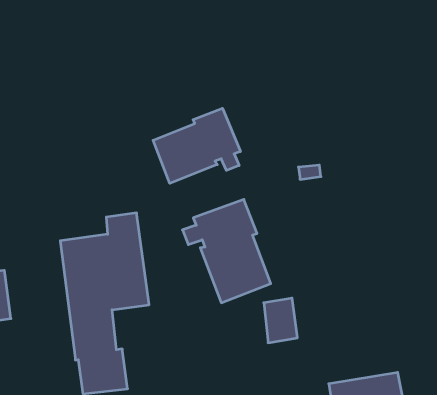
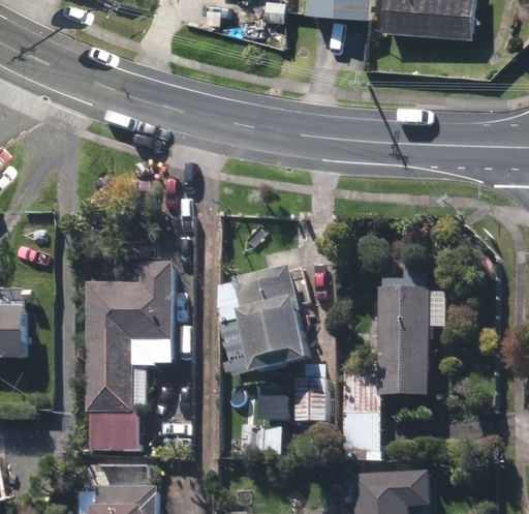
building: [153,108,240,183] -> none
building: none -> [342,272,444,459]

